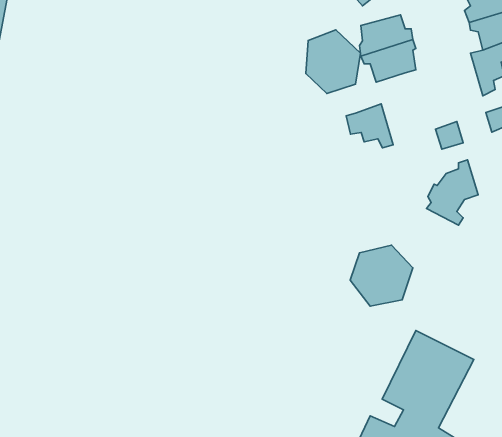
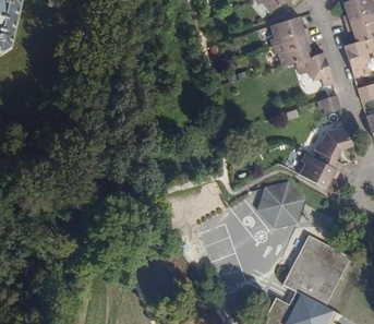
building: [306,30,361,93] -> none
building: [346,104,393,148] -> [299,49,333,81]
building: none -> [298,148,337,184]

